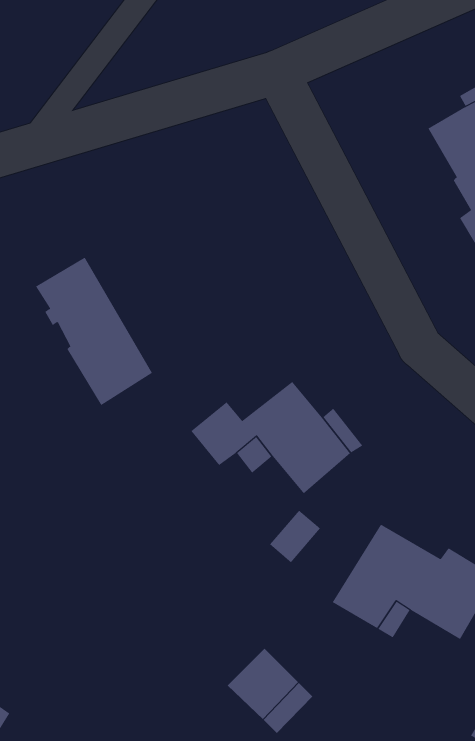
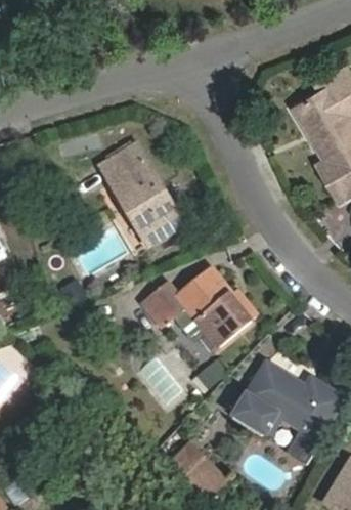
building: [35,257,153,406] -> [103,147,180,245]

